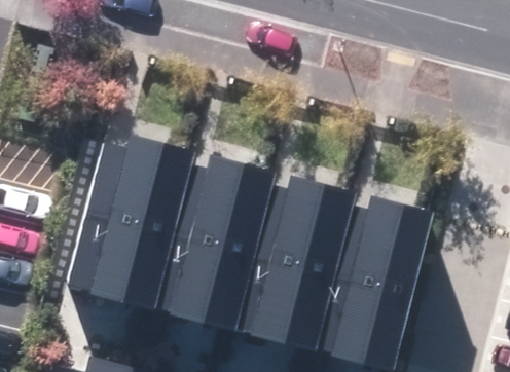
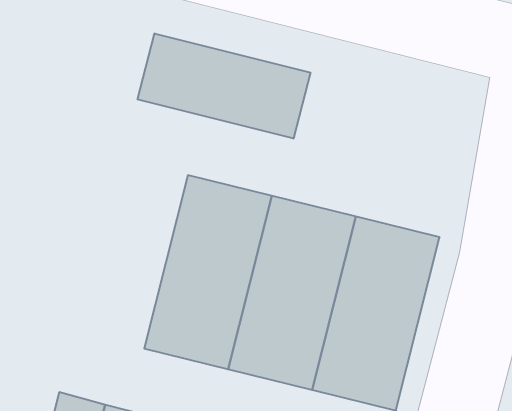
building: none -> [138,33,310,139]
building: [85,140,201,314] -> none

